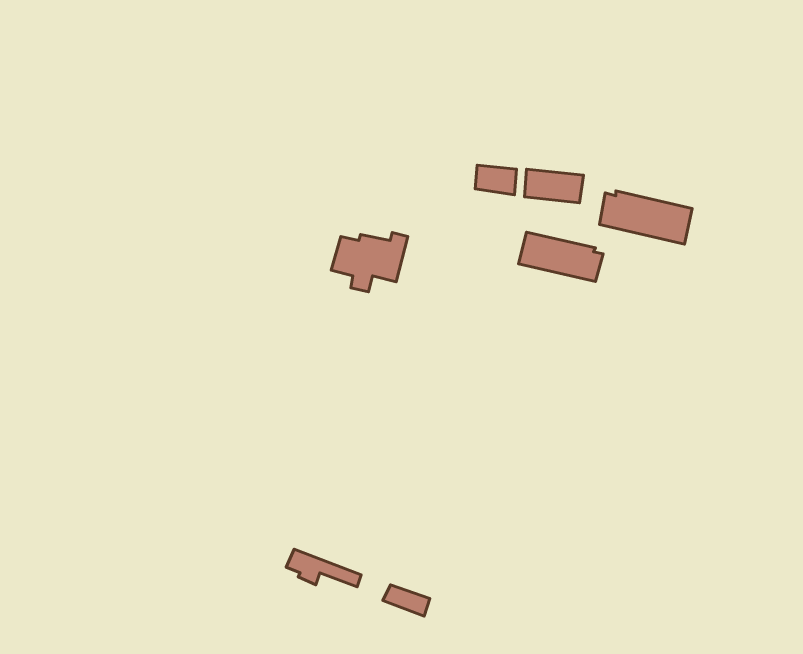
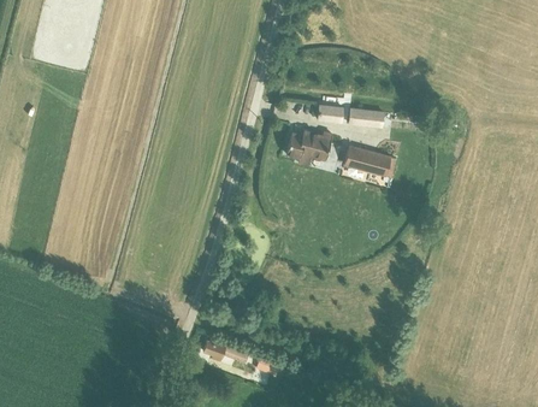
building: [600,191,692,244] -> none
building: [331,233,408,292] -> [284,130,331,166]

